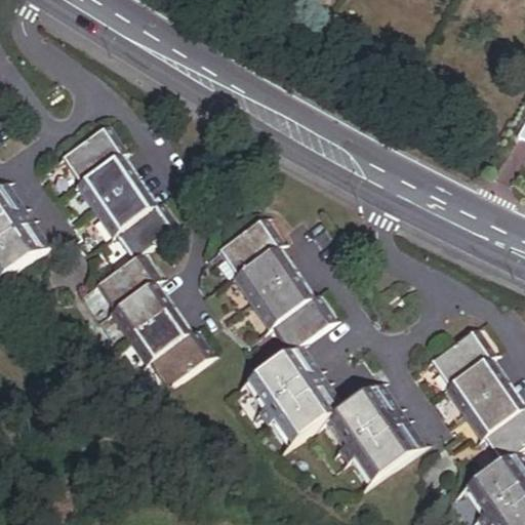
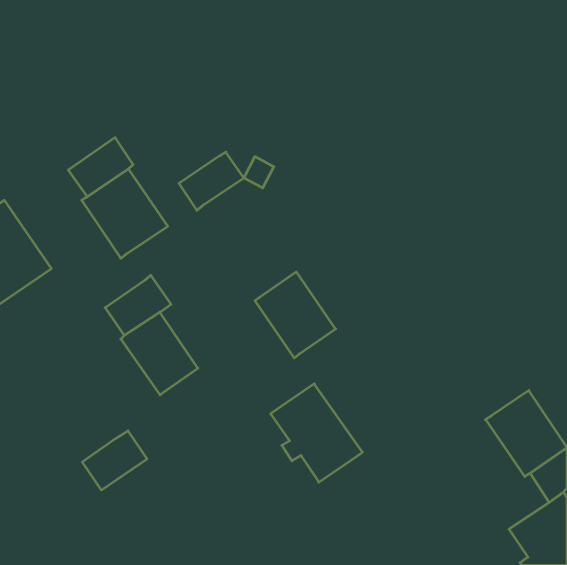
building: [116,204,175,257] -> [179,152,244,210]
building: [220,220,277,273] -> none
building: [275,298,330,350] -> none
building: [433,329,490,381] -> none
building: [151,330,210,385] -> [82,431,147,490]
building: [328,383,420,480] -> none

